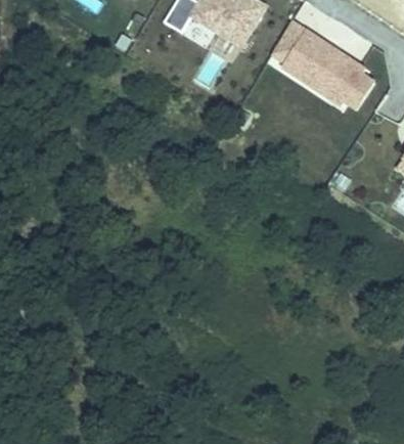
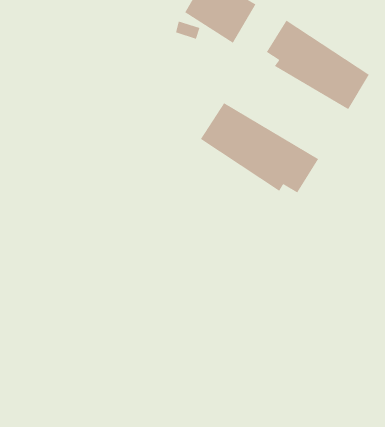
building: none -> [200,102,319,193]

